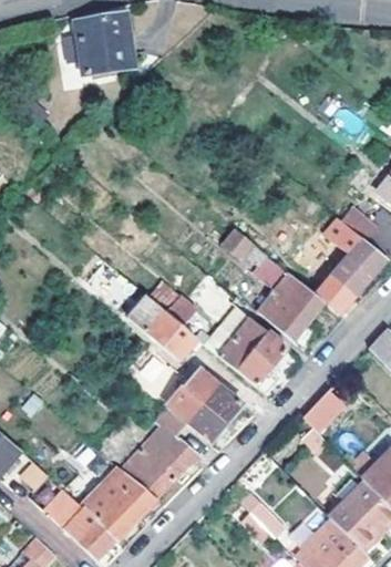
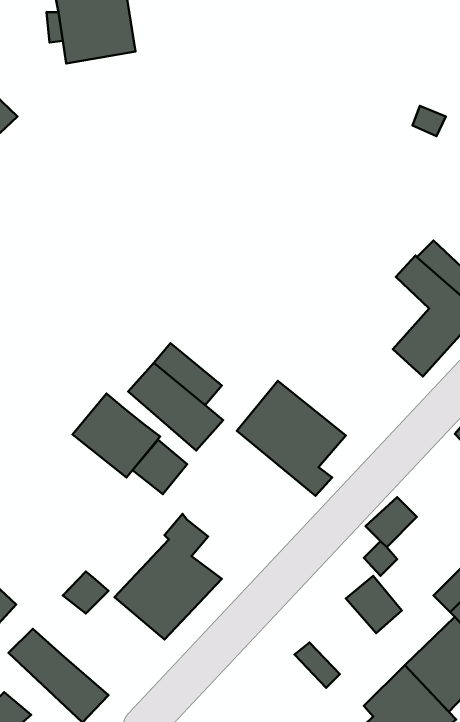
building: [224,229,327,349] -> none
building: none -> [72,393,160,478]
building: [173,372,245,442] -> none
building: [81,467,156,539] -> none

